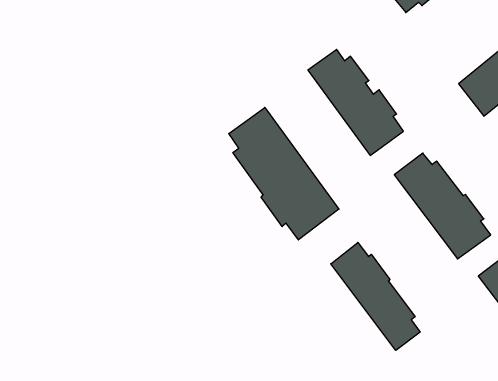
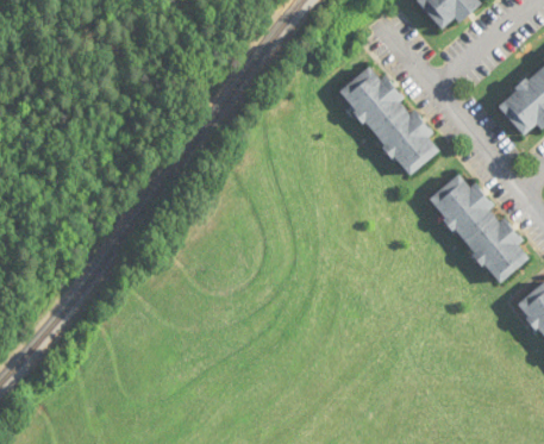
building: [229,107,339,240] -> none
building: [331,242,420,350] -> none

